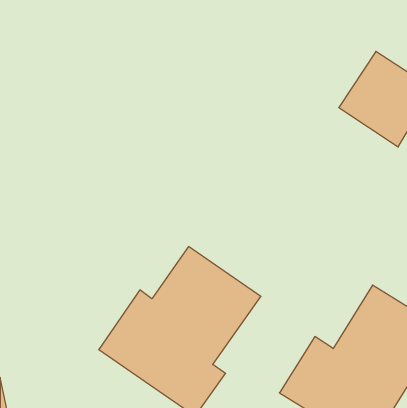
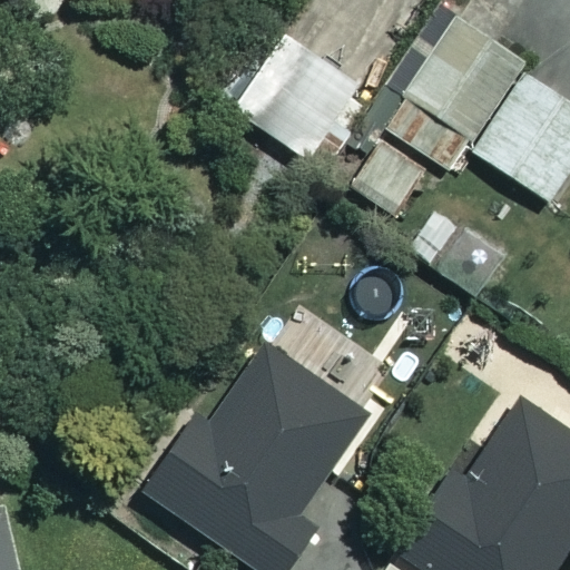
building: none -> [351,11,527,215]
building: none -> [244,39,364,161]

